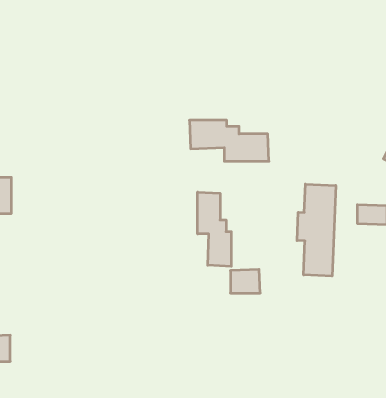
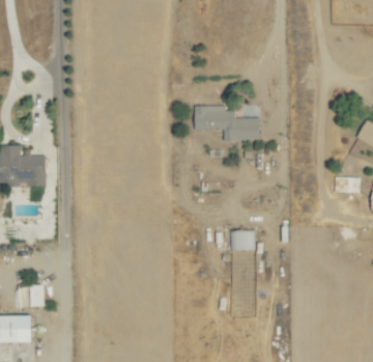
building: [297,184,336,276] -> none
building: [198,192,231,266] -> none

